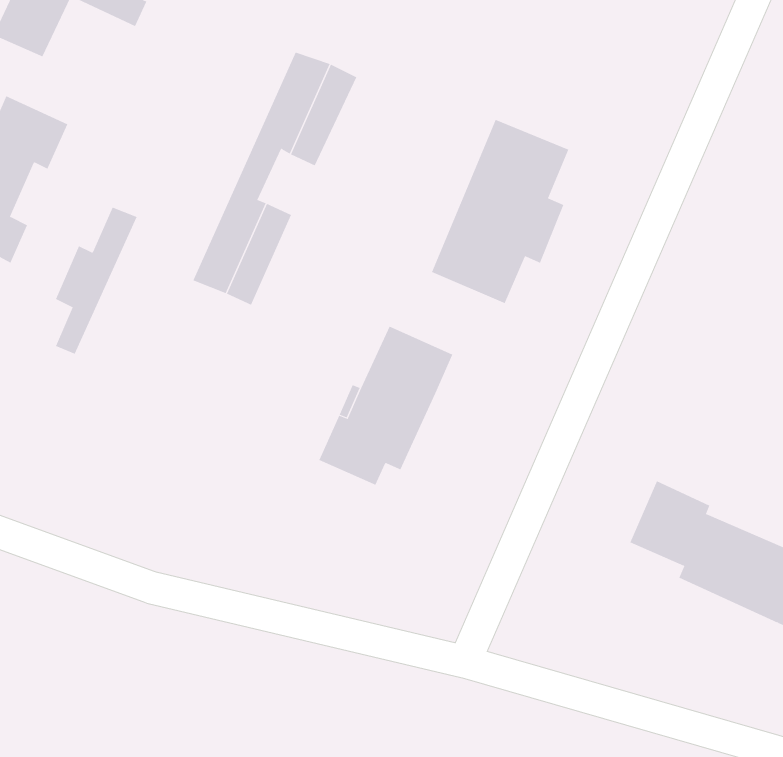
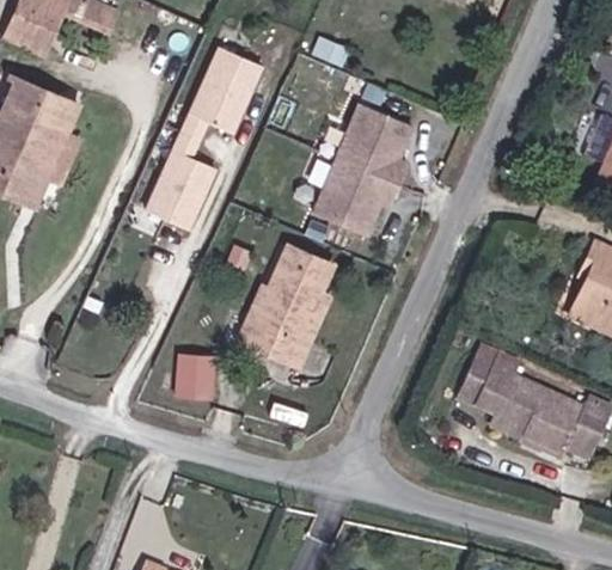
building: [55,207,137,355] -> [18,99,76,204]
building: none -> [277,290,331,367]
building: none -> [173,345,220,394]

